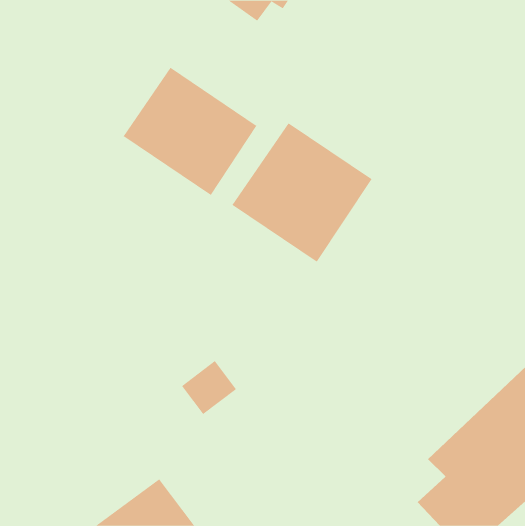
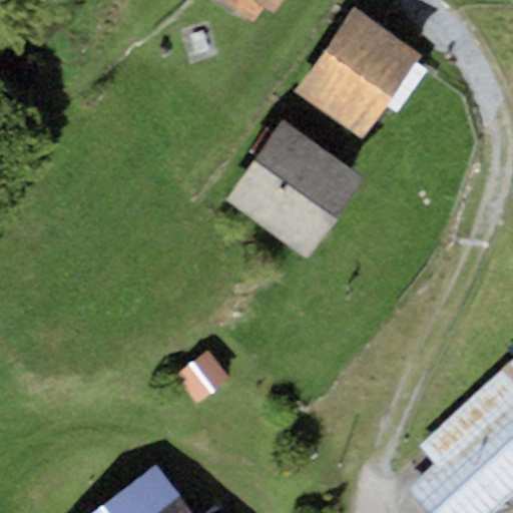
building: none -> [299,11,420,137]
building: [123,67,257,196] -> none

